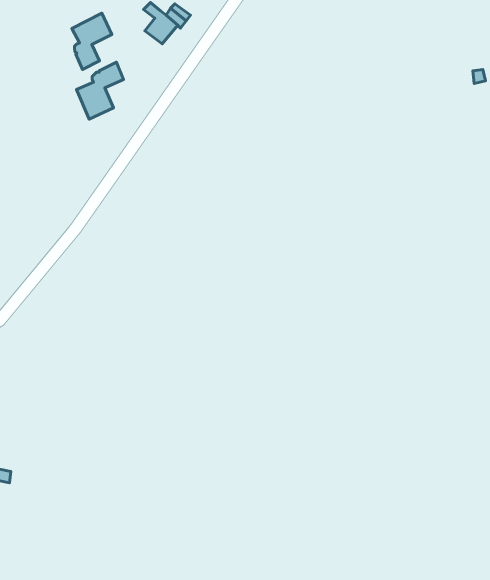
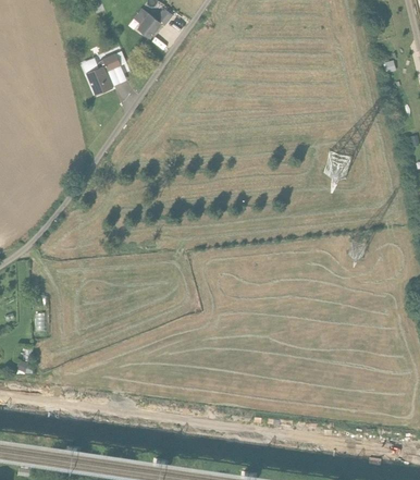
building: [72,13,112,70] -> none

